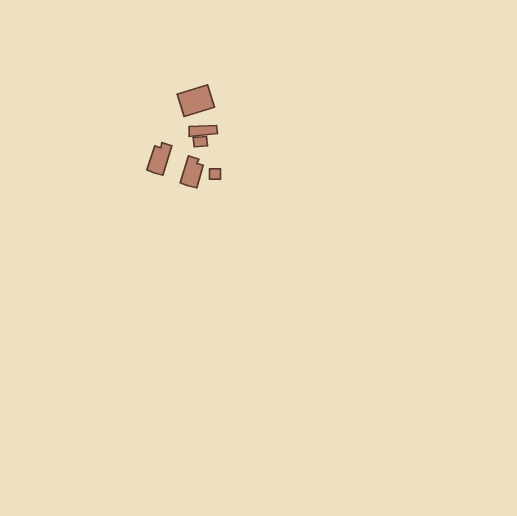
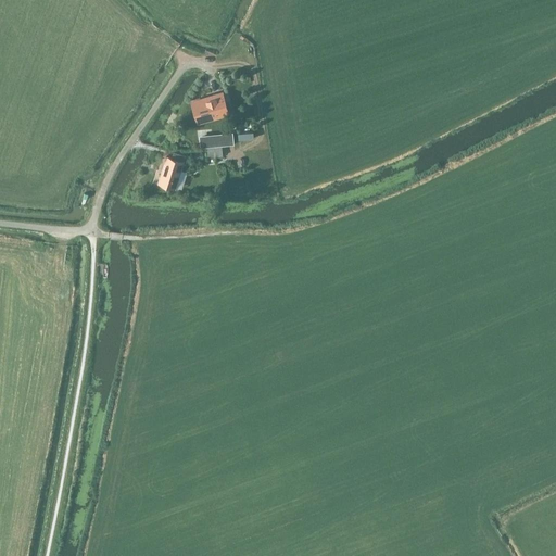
building: [180,156,203,188] -> none

